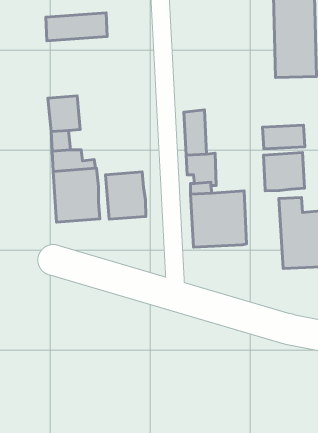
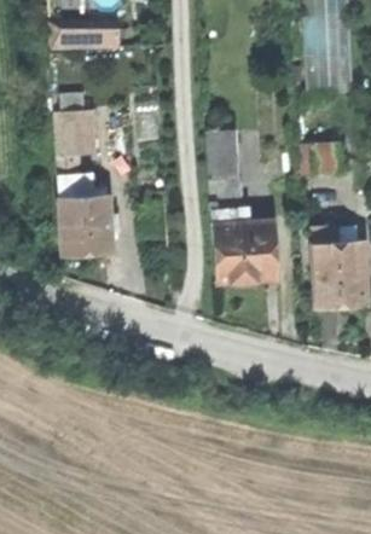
building: [263,153,304,191] -> none
building: [105,172,146,219] -> none

